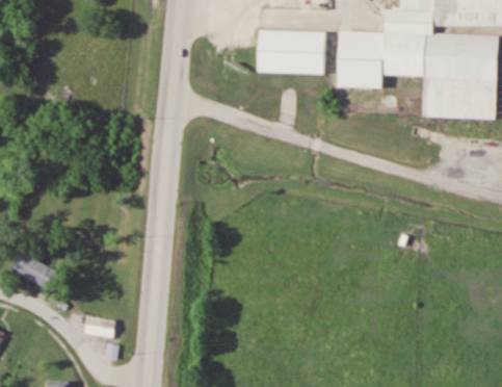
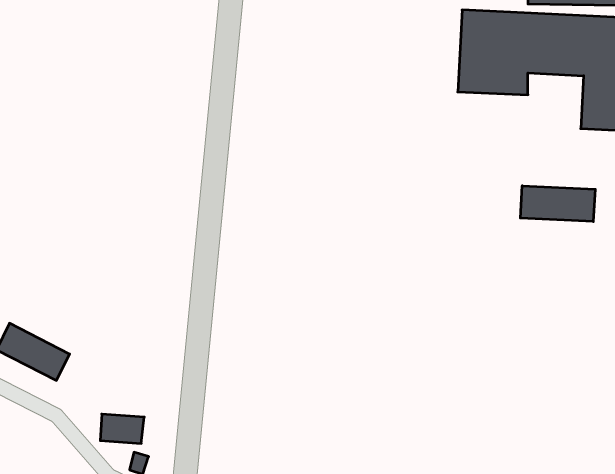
building: [260,28,328,73] -> none
building: none -> [520,186,595,222]

